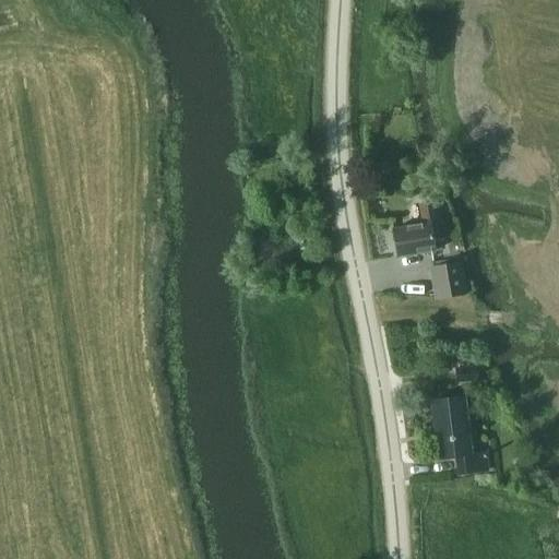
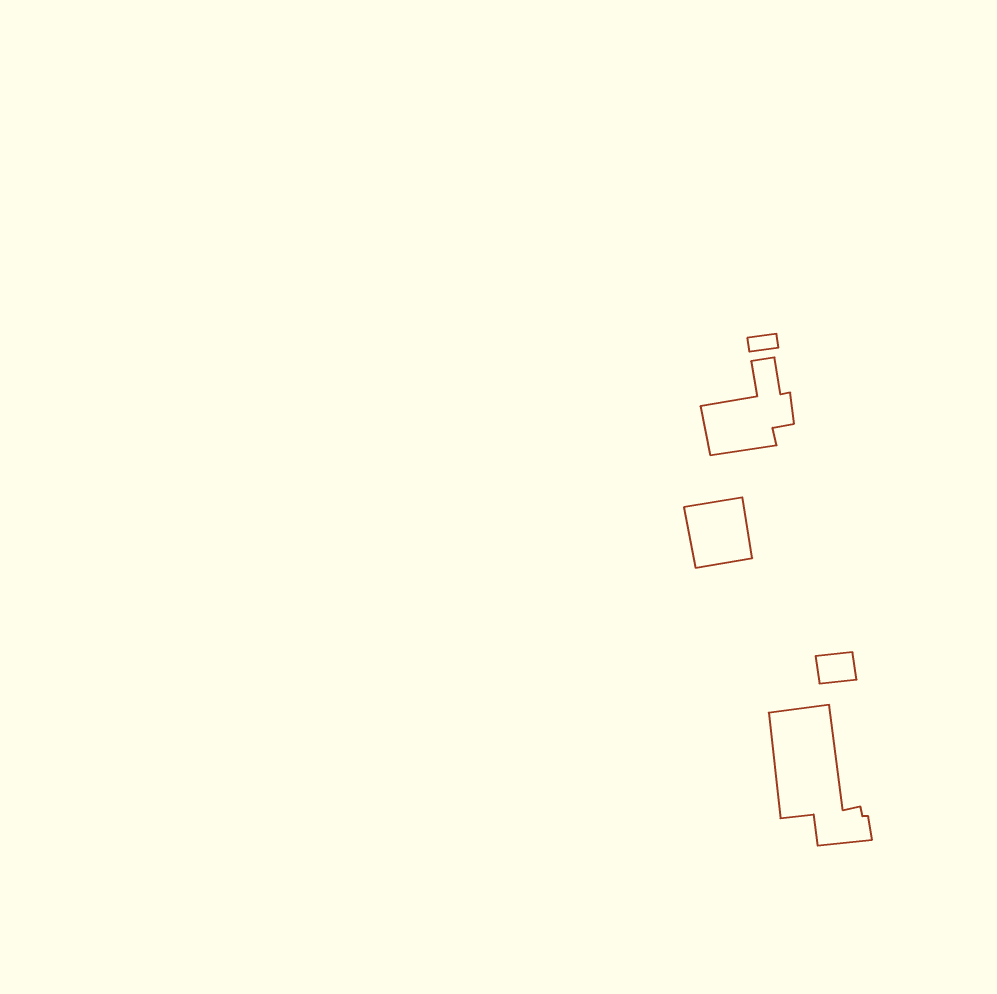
building: [428,260,466,299] -> [684,497,752,568]

